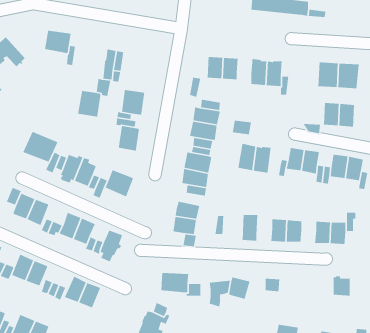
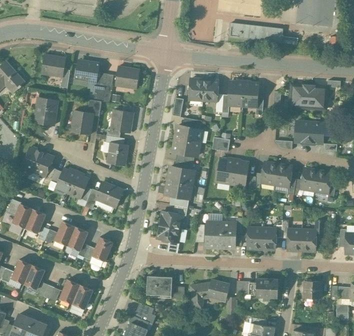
building: none -> [75,60,100,82]
building: none -> [115,66,140,89]
building: none -> [34,97,58,125]
building: none -> [206,222,222,247]
building: none -> [255,278,277,297]

